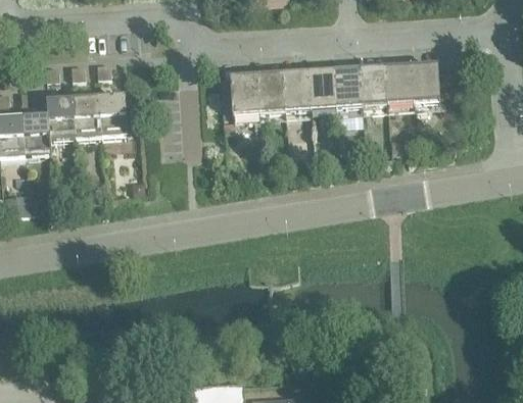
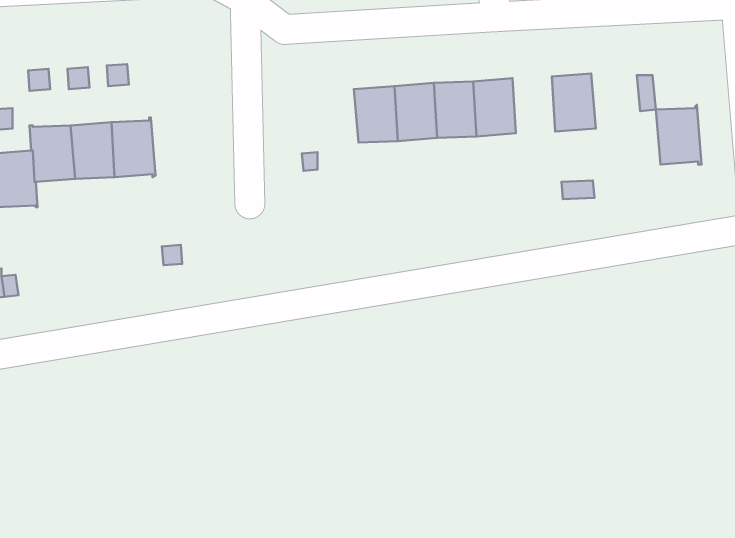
building: [411,61,440,100] -> [656,105,701,165]
building: [360,66,387,103] -> none
building: [220,74,259,113] -> none

